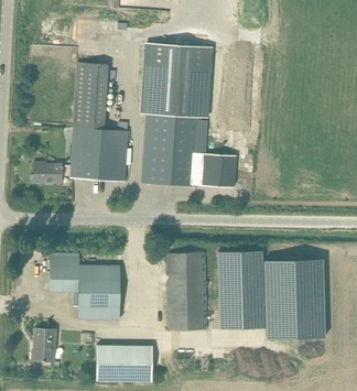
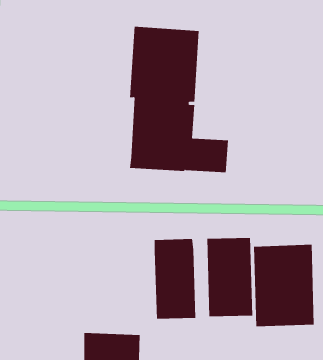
building: [34,63,128,183] -> none
building: [51,257,120,319] -> none
building: [32,328,56,362] -> none

